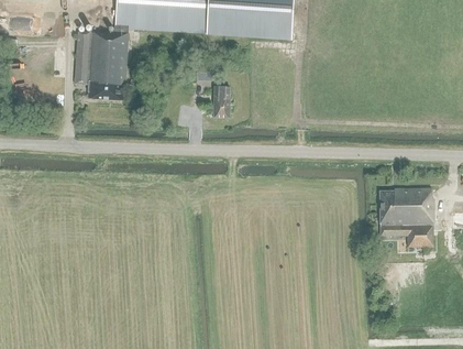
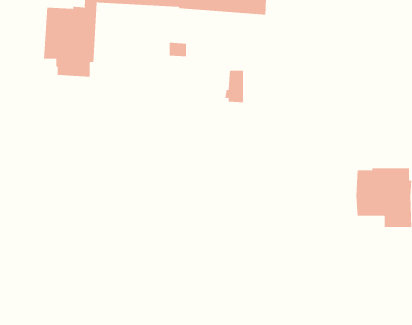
building: [210,87,229,119] -> [225,70,244,103]

